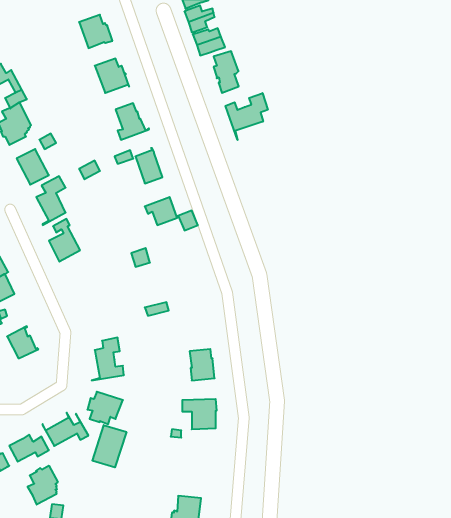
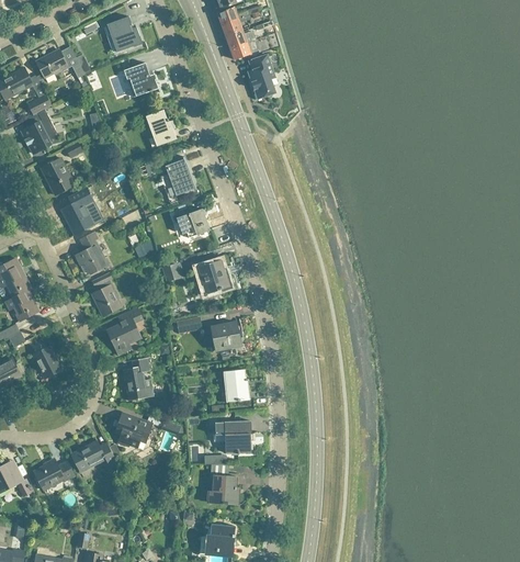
building: none -> [35,49,84,78]
building: [225,93,268,140] -> none
building: none -> [197,260,233,293]
building: none -> [90,272,122,316]
building: none -> [106,307,142,355]
building: none -> [211,322,240,349]
building: [92,425,126,467] -> none
building: none -> [212,475,238,504]
building: [28,466,58,505] -> none

